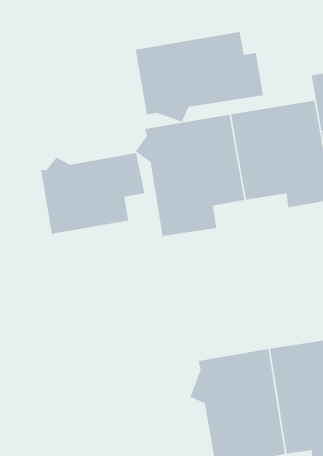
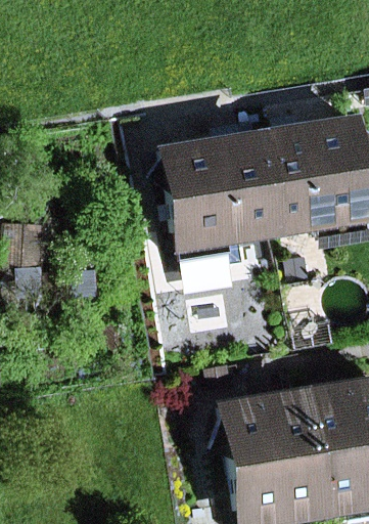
building: [135,31,264,122] -> none
building: [40,152,145,235] -> none

